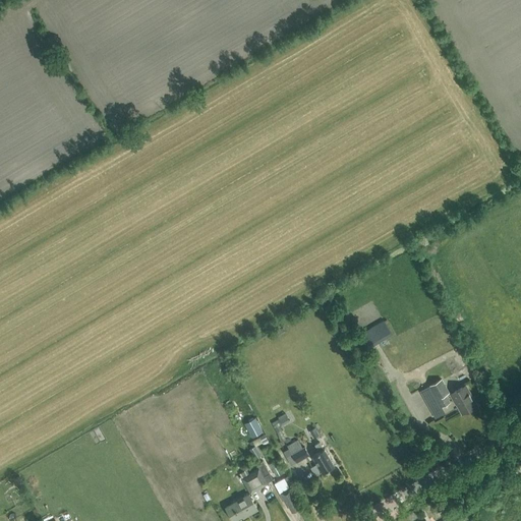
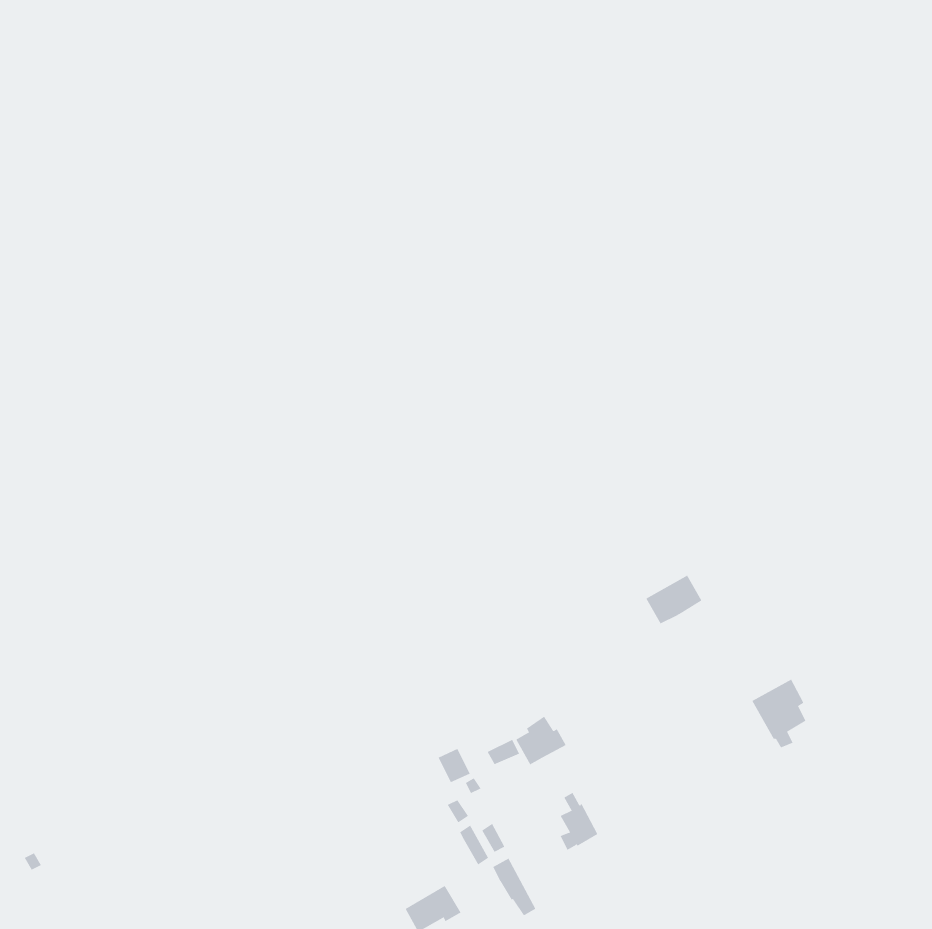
building: [450,387,477,415] -> none
building: [281,441,309,468] -> [515,716,566,765]
building: [239,470,268,495] -> none

